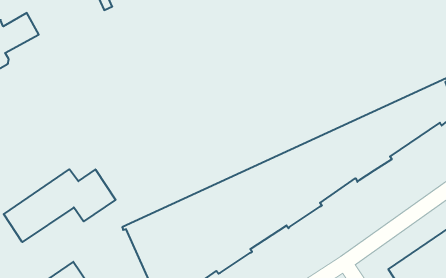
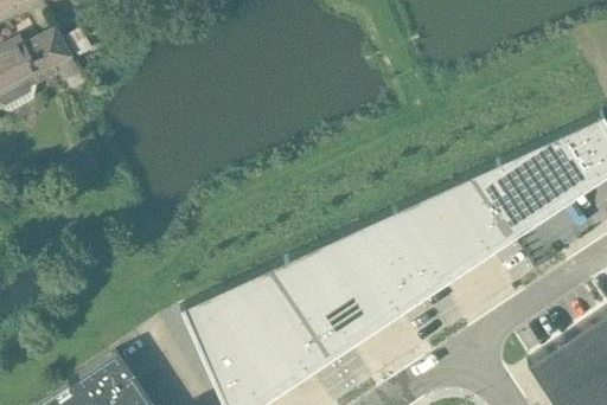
building: [4,169,116,242] -> none

